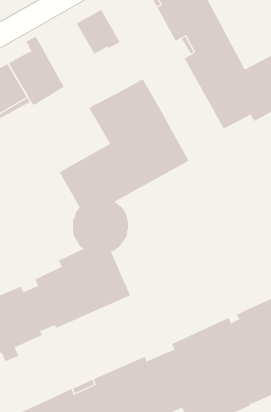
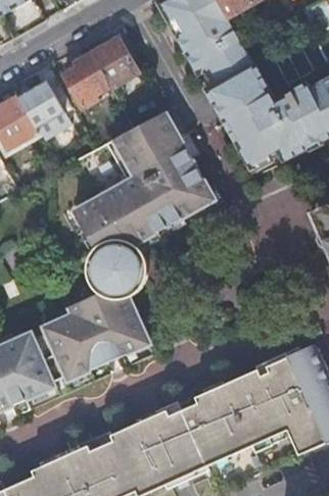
building: none -> [64,51,110,107]

